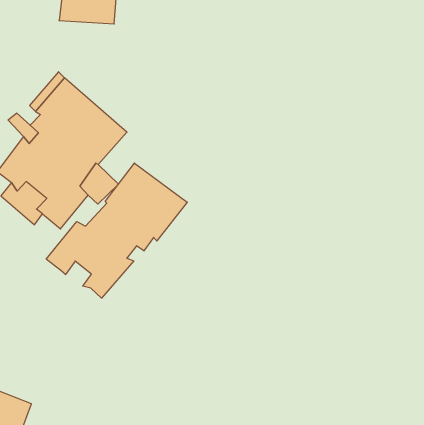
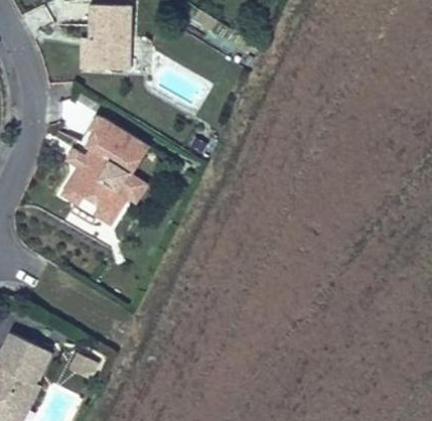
building: [46,163,187,298] -> none

